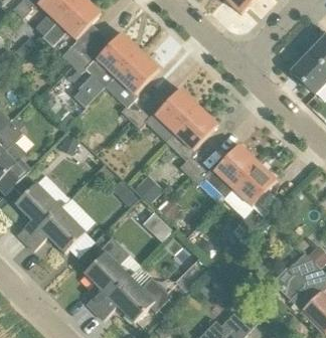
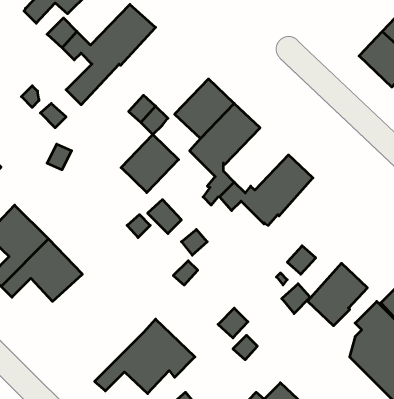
building: [114,49,158,96] -> none
building: none -> [121,135,179,193]
building: [231,161,276,207] -> [308,263,367,326]
building: [84,235,131,312] -> none

